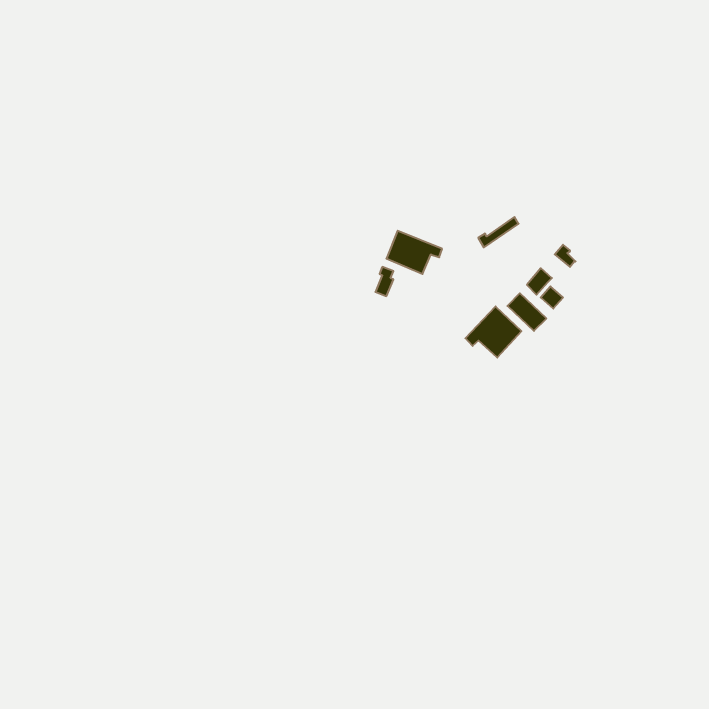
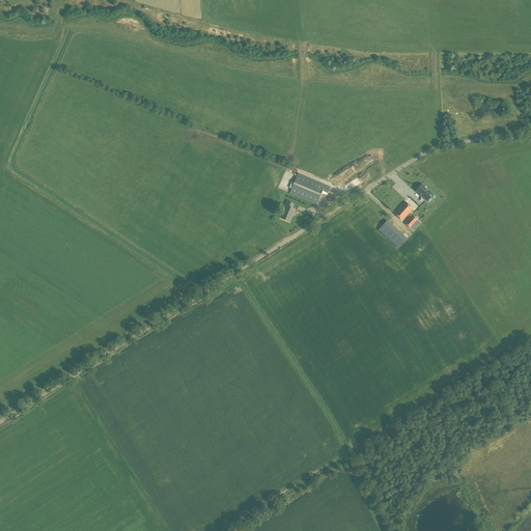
building: [465,306,521,358] -> none

